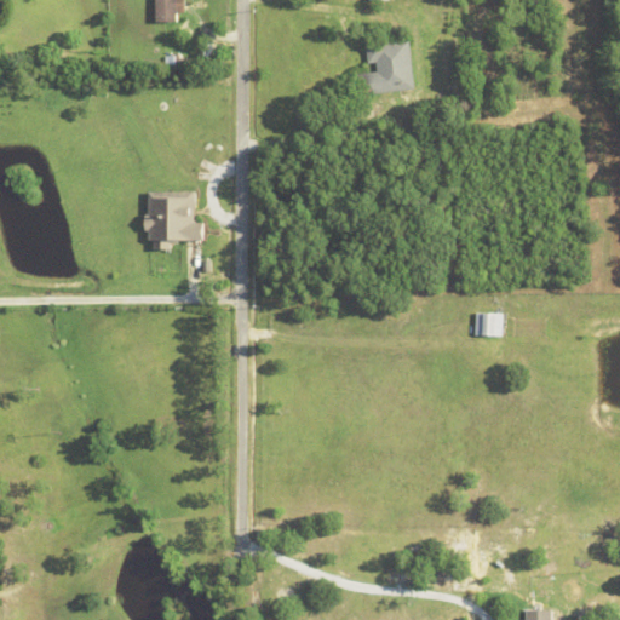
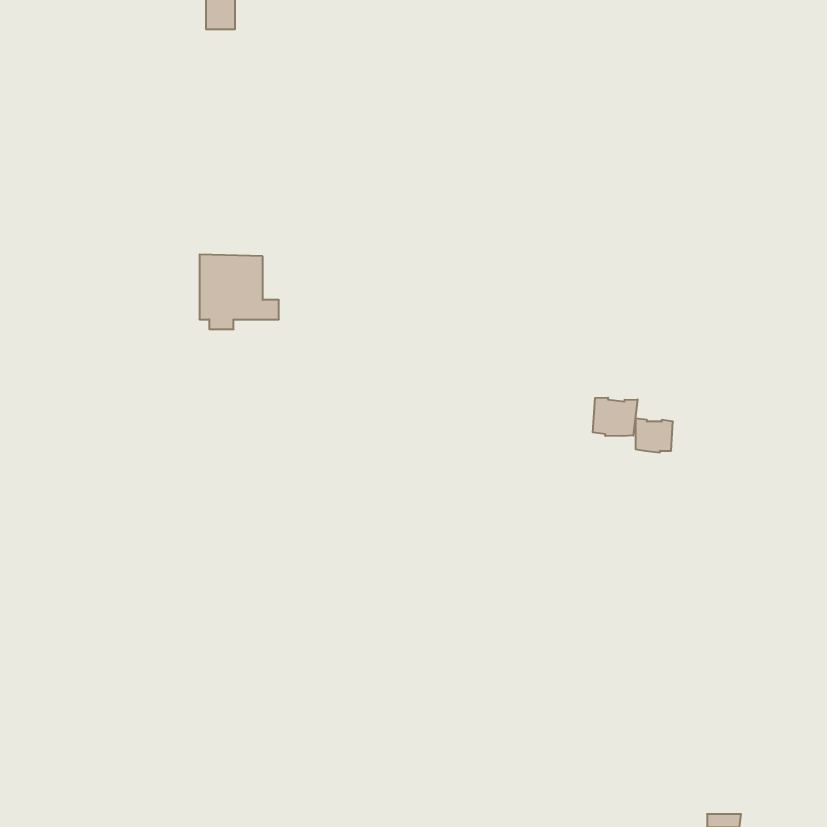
building: [352,40,413,96] -> none
building: none -> [593,398,638,436]

